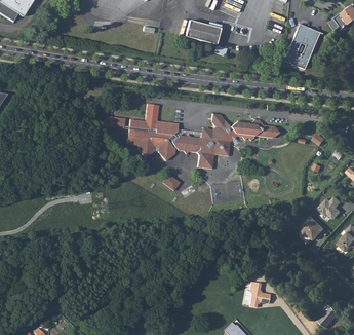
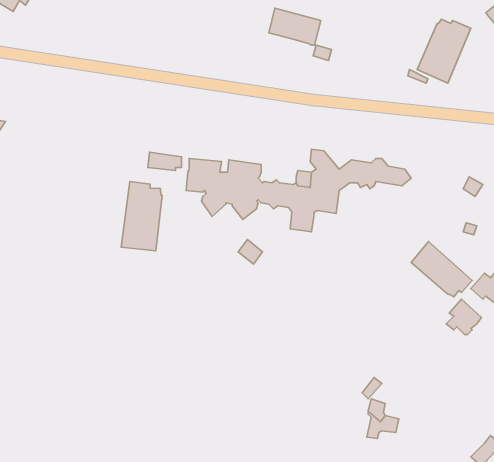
building: none -> [121,182,162,251]
building: none -> [411,242,472,297]

